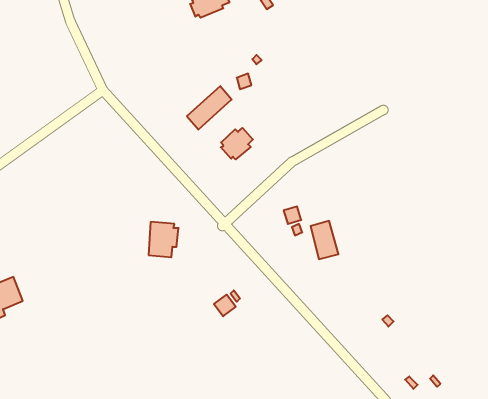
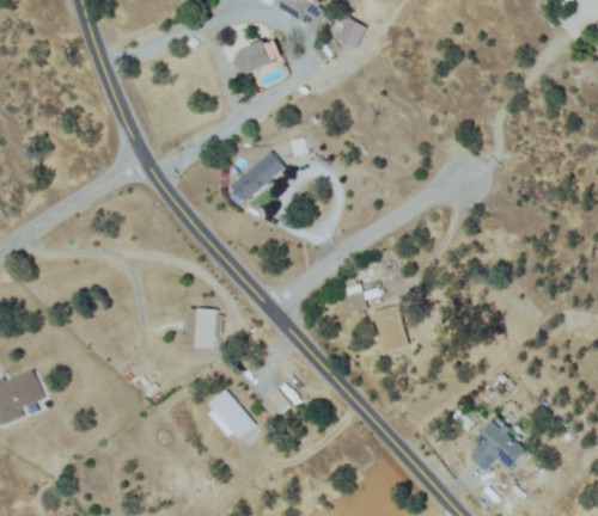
building: [221,128,253,159] -> none
building: none -> [208,391,256,442]
building: none -> [470,419,526,468]

